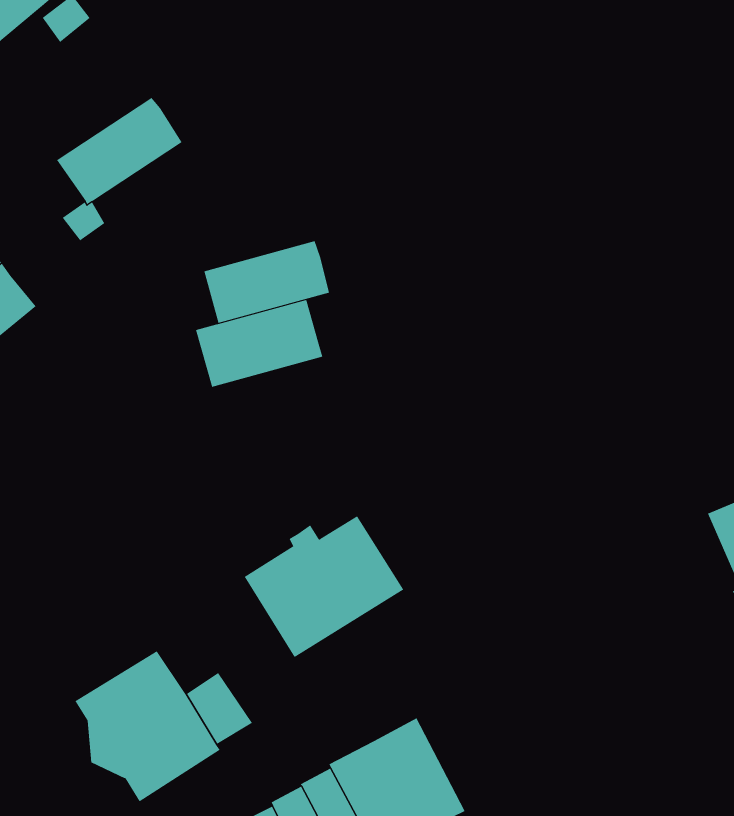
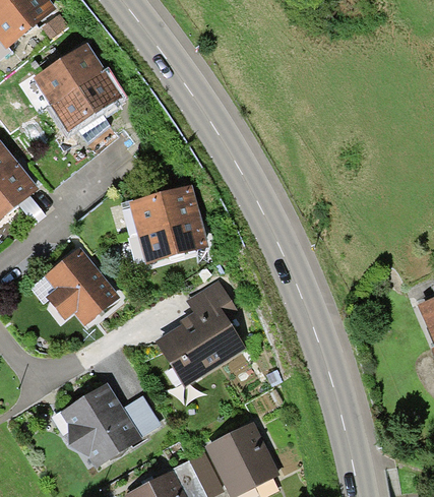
building: none -> [32,43,104,107]
building: [204,240,330,323] -> [137,218,208,264]
building: none -> [44,247,120,325]
building: none -> [186,279,231,320]

